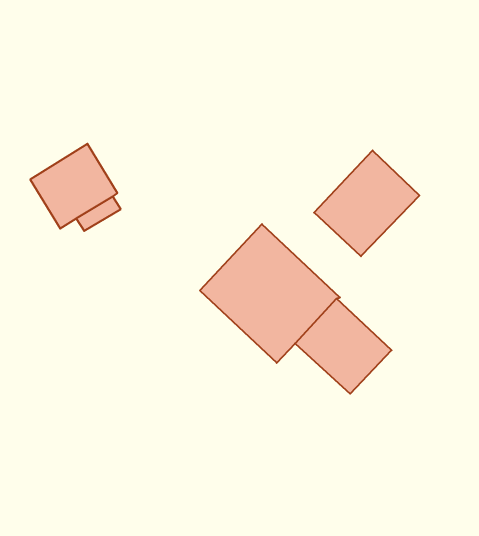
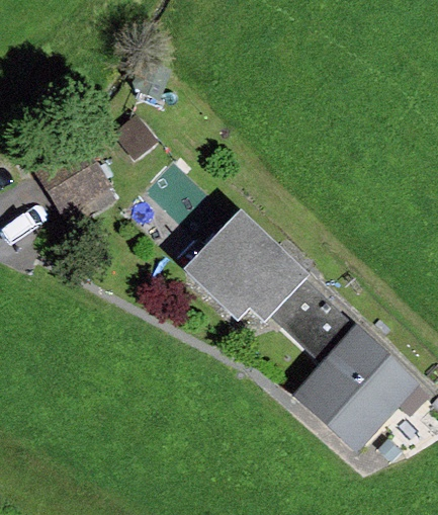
building: [314,150,419,256] -> none
building: none -> [291,322,422,452]

